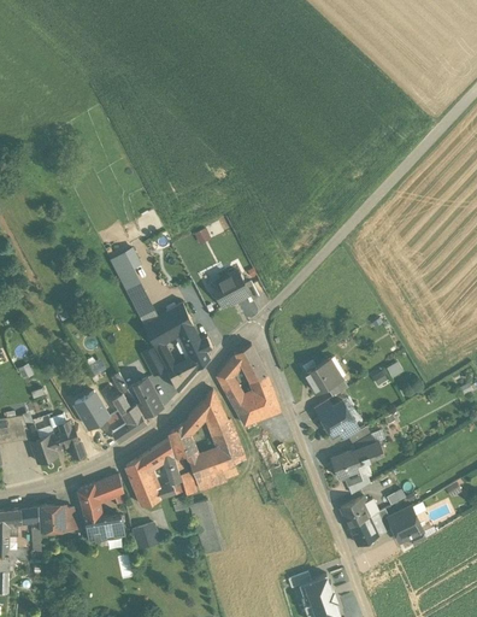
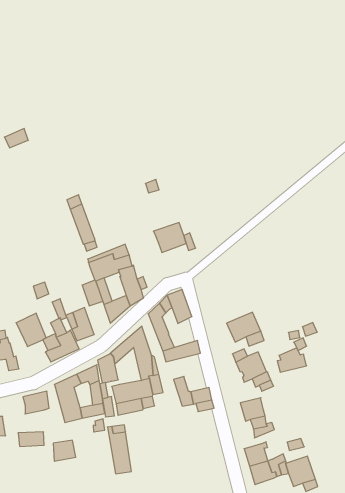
building: [242,372,275,409] -> none
building: [352,435,384,464] -> [277,348,307,372]
building: [77,484,100,522] -> none

